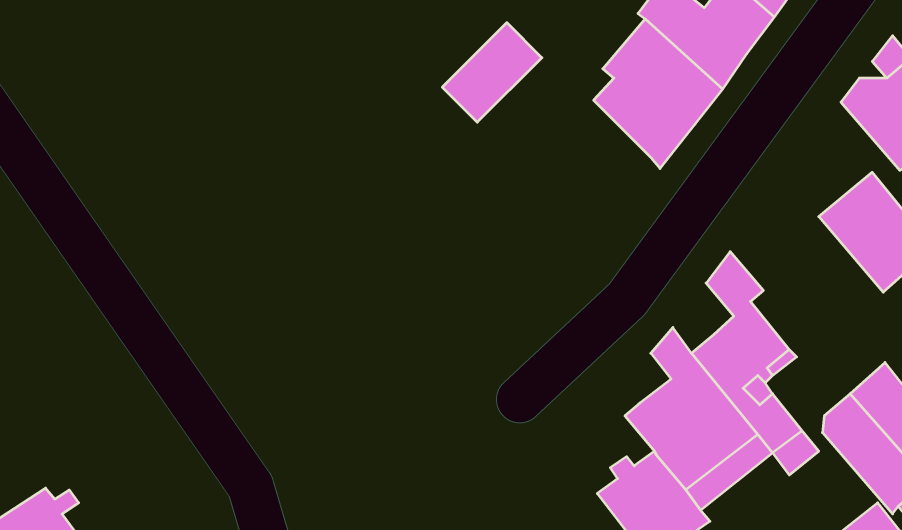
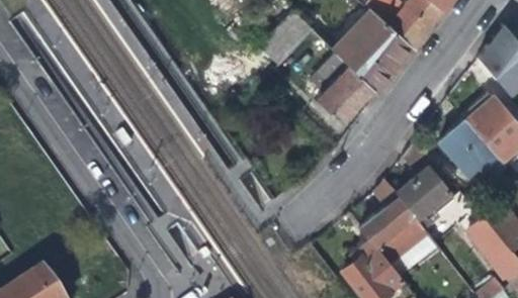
building: none -> [309,54,372,125]
building: none -> [438,120,504,180]

